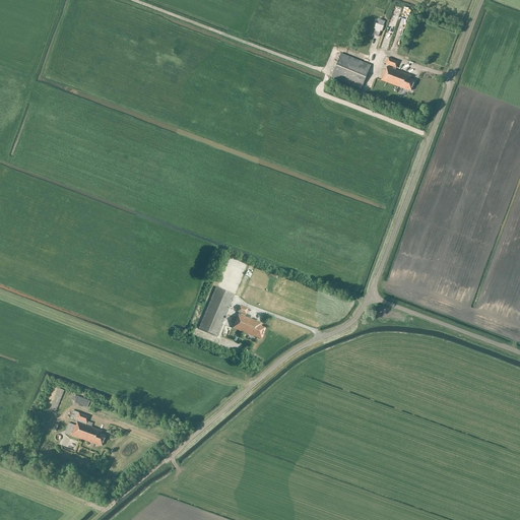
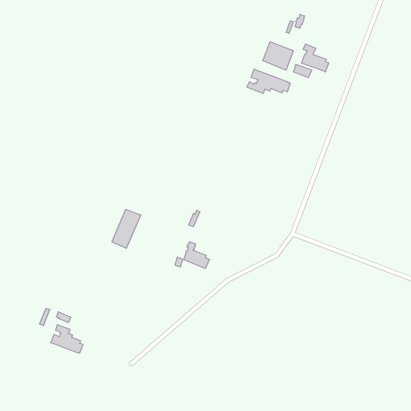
building: none -> [247,69,290,93]
building: [197,286,234,335] -> [112,210,141,248]

